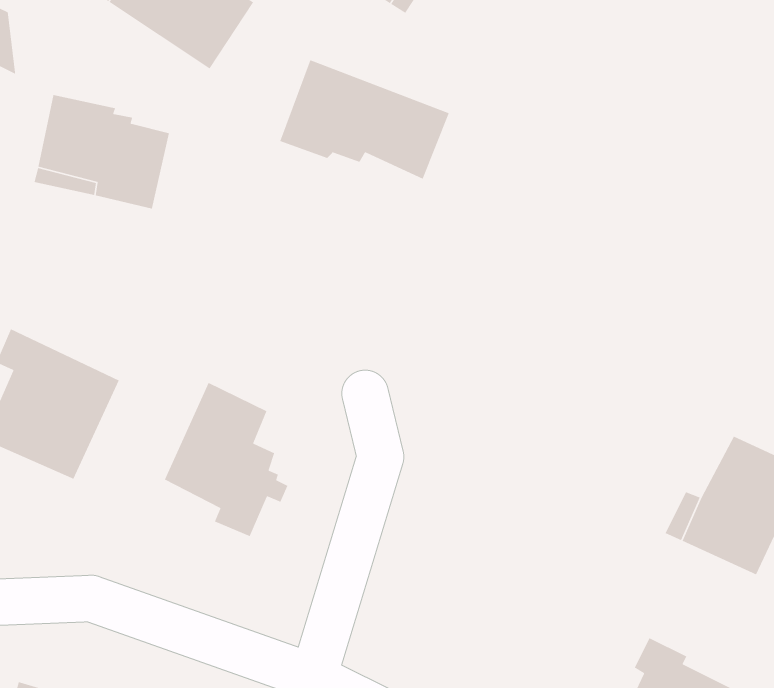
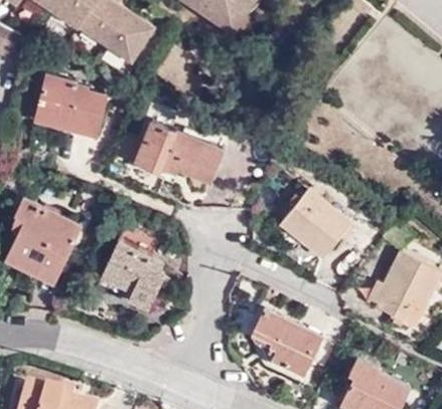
building: [279,59,450,180] -> [133,120,223,183]
building: none -> [280,189,350,258]
building: none -> [255,311,321,375]

